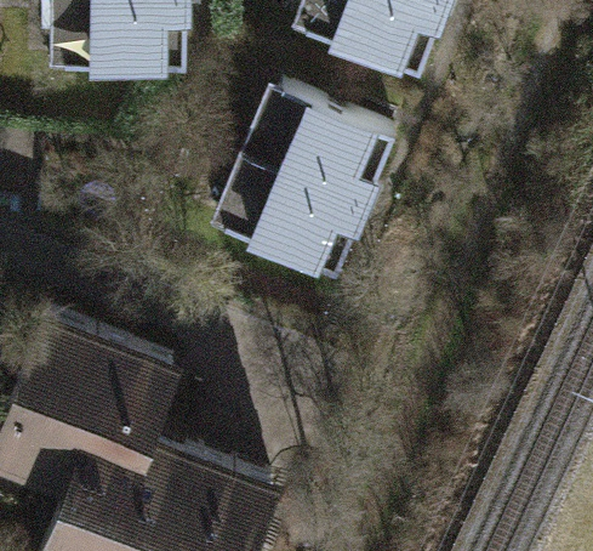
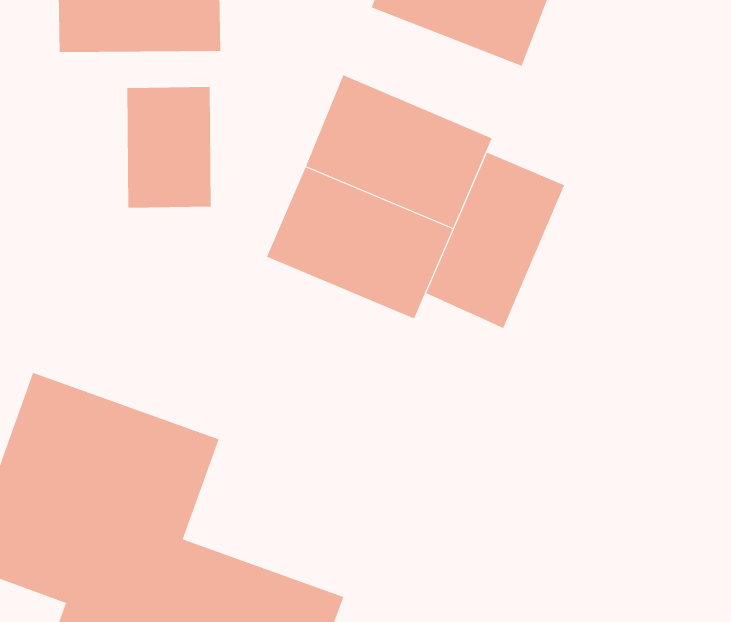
building: none -> [127,86,211,208]
building: none -> [425,152,565,329]

